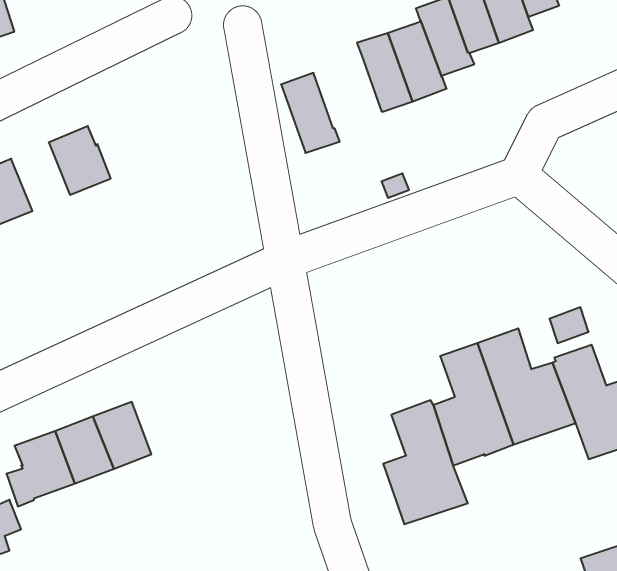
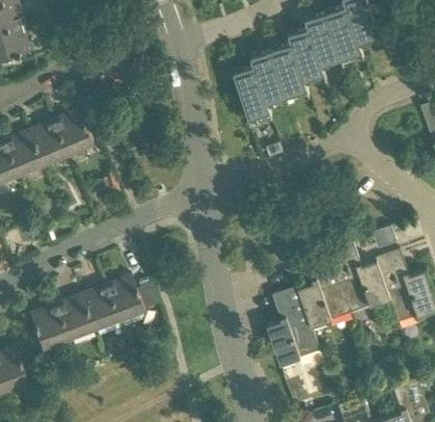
building: [281,73,340,153] -> [233,68,270,118]
building: none -> [30,123,67,166]
building: none -> [107,278,159,321]

